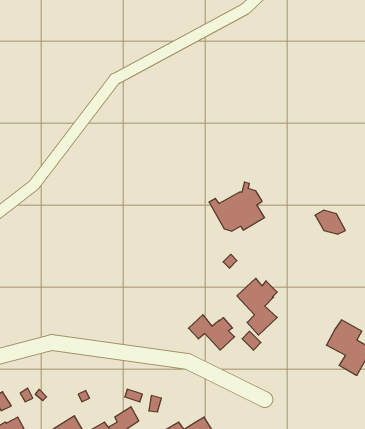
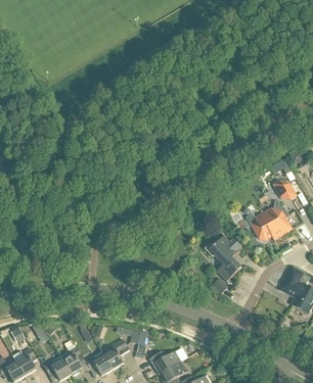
building: [209,182,265,231] -> [245,200,290,240]
building: [188,315,235,350] -> none

